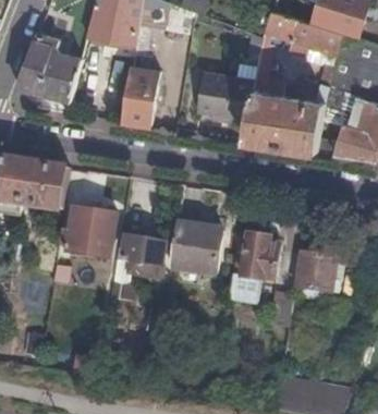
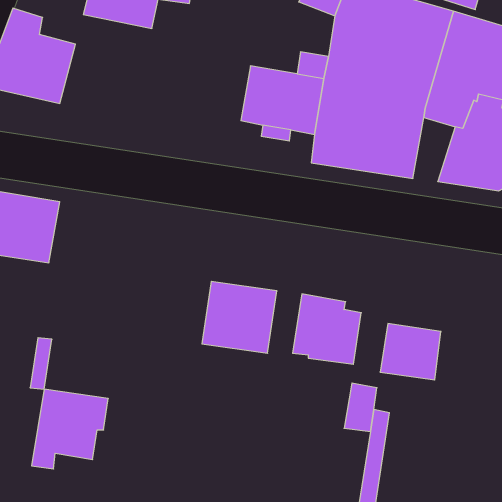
building: [121,66,158,125] -> none
building: [65,208,115,258] -> none
building: [110,235,163,291] -> [32,389,108,469]

